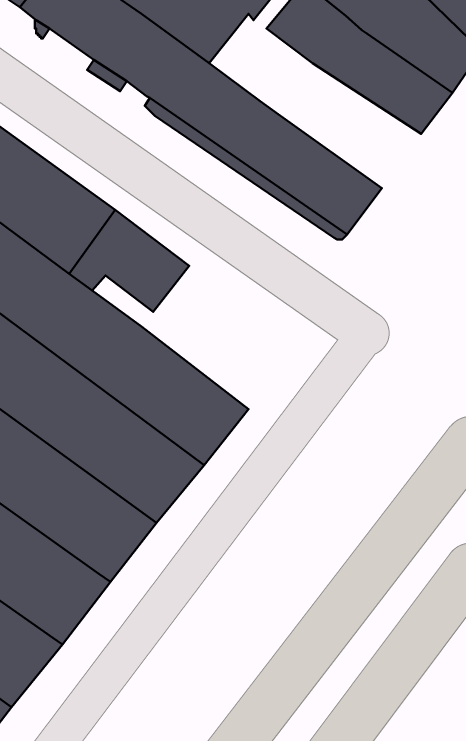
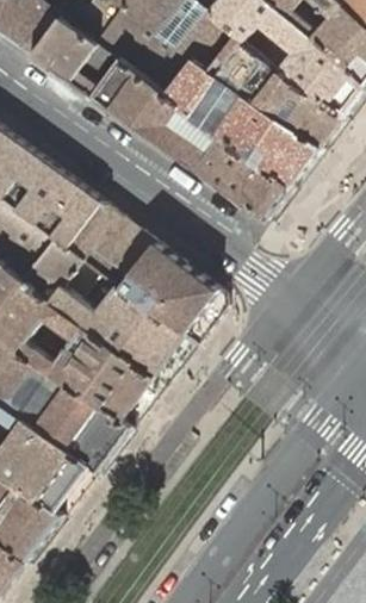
building: none -> [163,57,317,184]
building: none -> [114,240,227,343]

